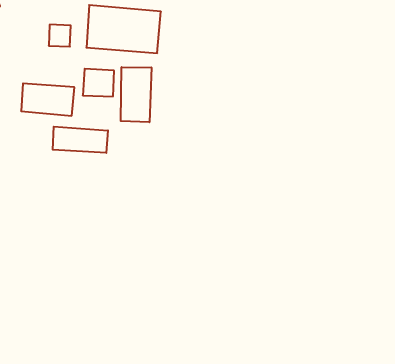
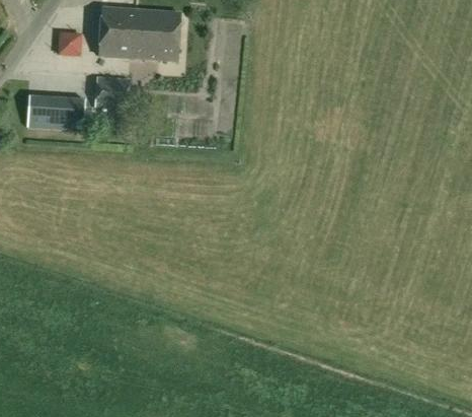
building: [121,67,151,122] -> none
building: [53,127,108,153] -> none

